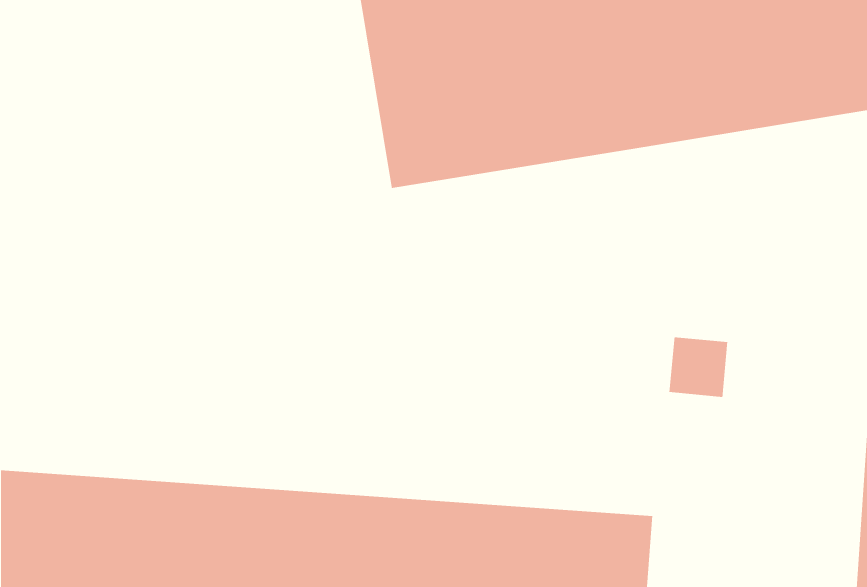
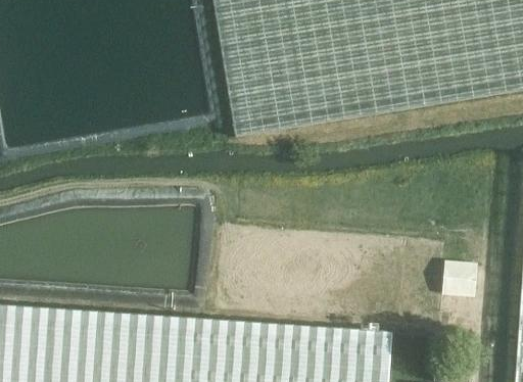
building: [669,336,728,398] -> [442,260,478,297]

